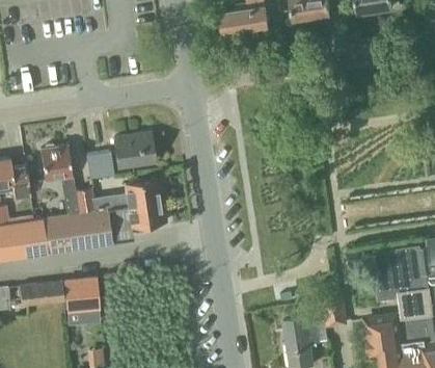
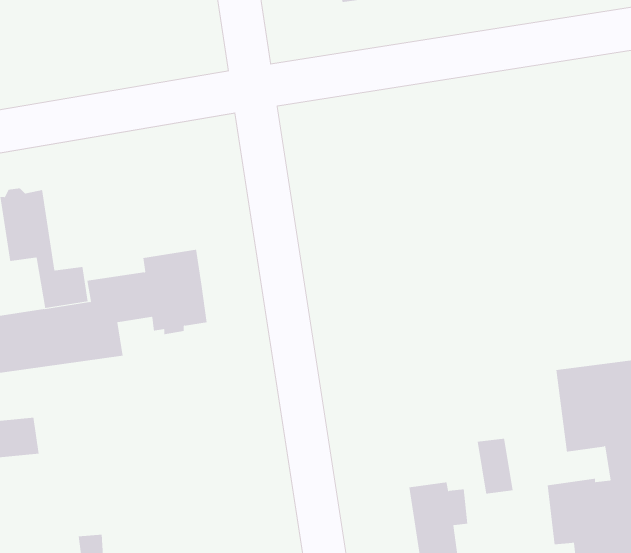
building: [113,132,154,164] -> none
building: [84,151,111,179] -> none
building: [63,275,99,313] -> none

